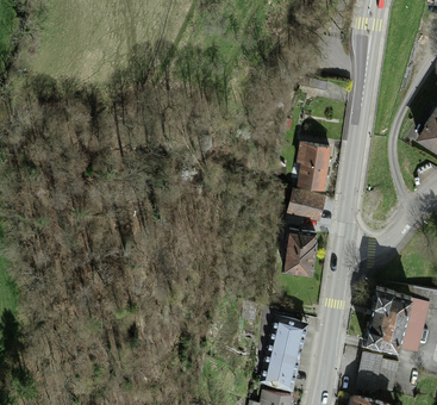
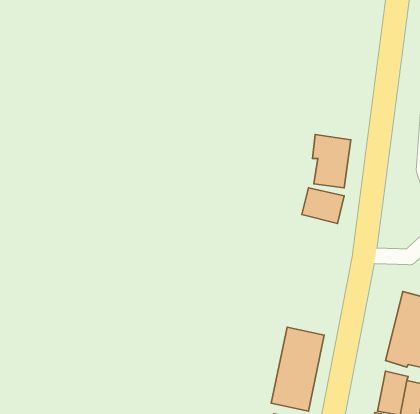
building: [283,222,318,268] -> none

